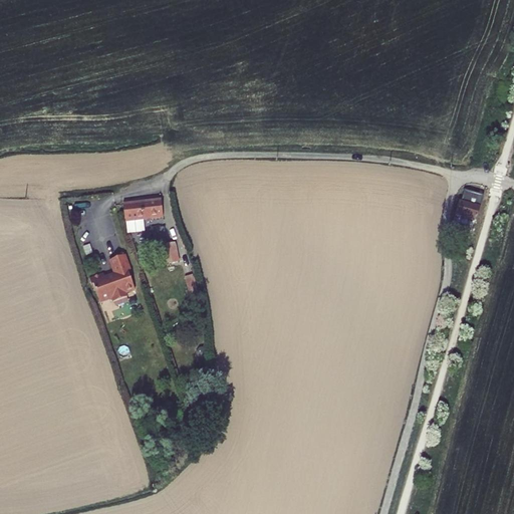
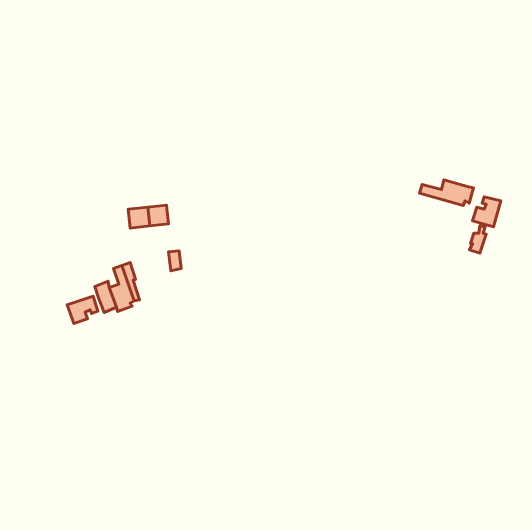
building: none -> [420,180,474,205]
building: none -> [67,296,98,324]

